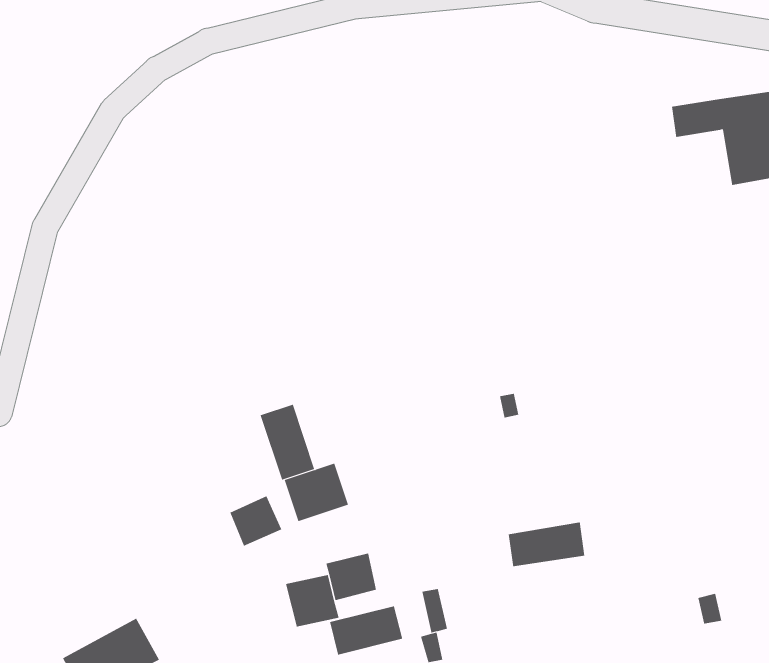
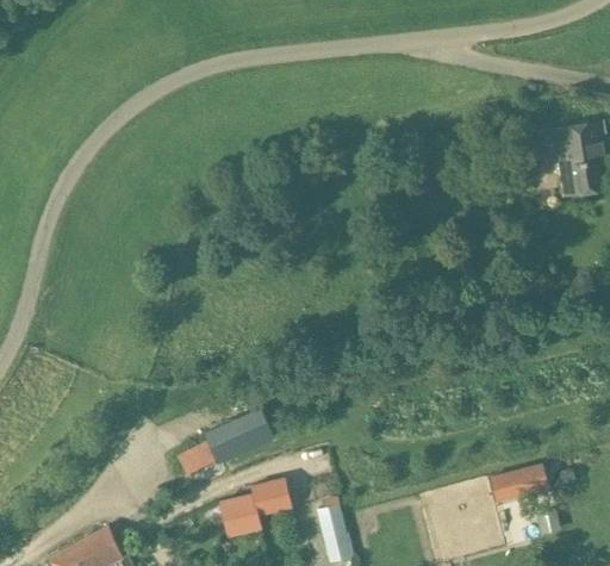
building: [260,404,315,481] -> none
building: [508,522,585,567] -> [492,465,552,499]
building: [329,605,403,656] -> none

